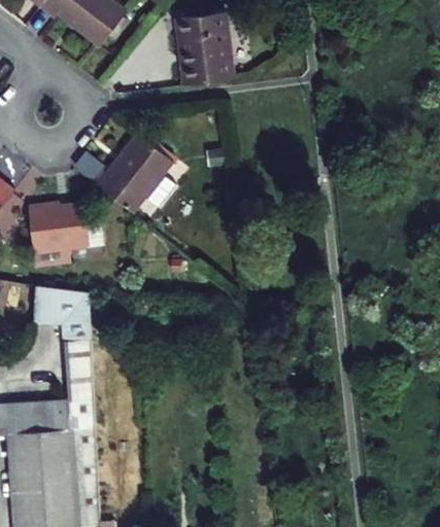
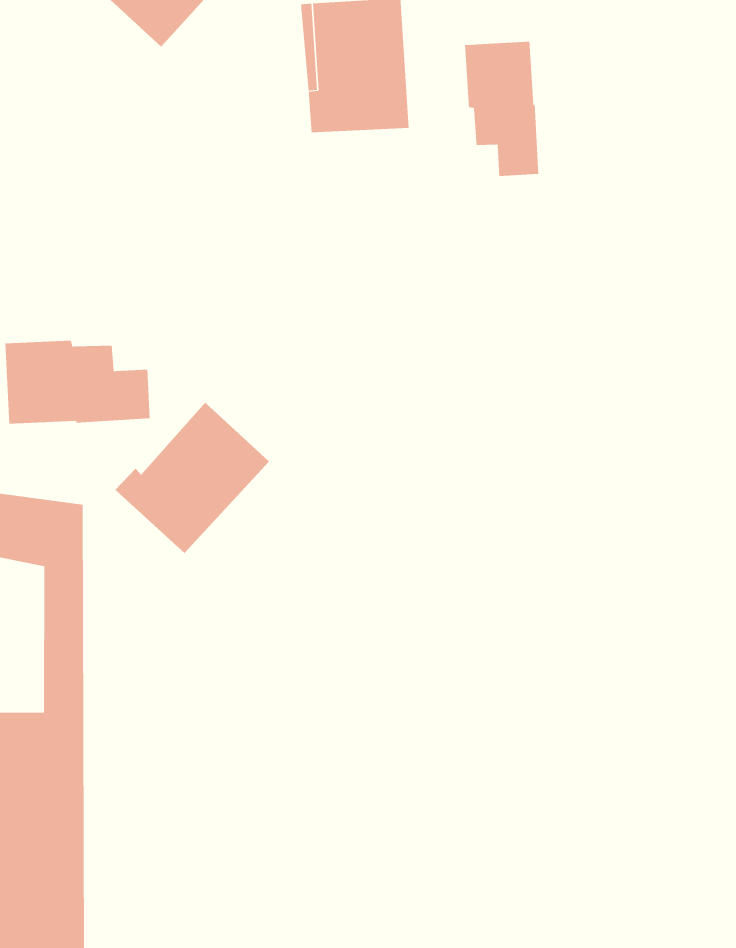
building: none -> [465,41,539,177]
building: [95,135,175,215] -> [114,402,270,554]

